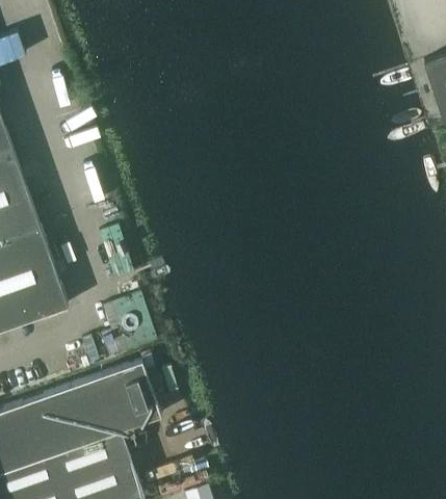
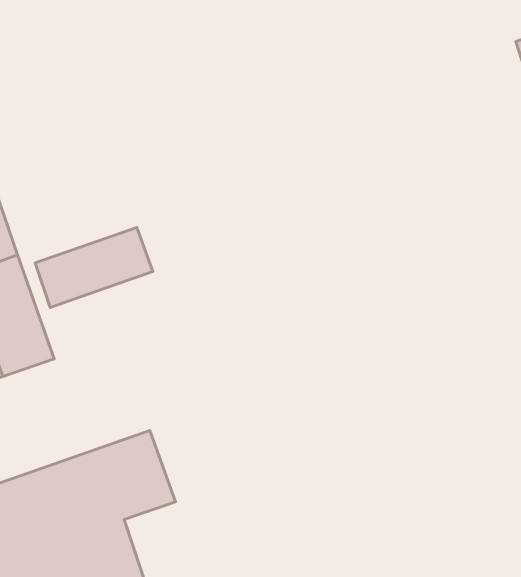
building: none -> [35,228,153,307]

